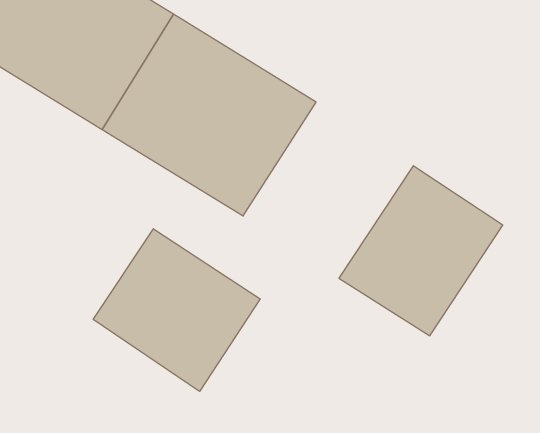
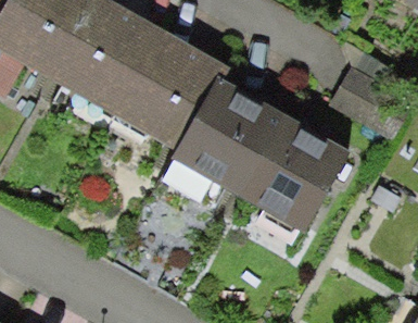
building: none -> [183,79,305,206]
building: [93,229,260,391] -> none

